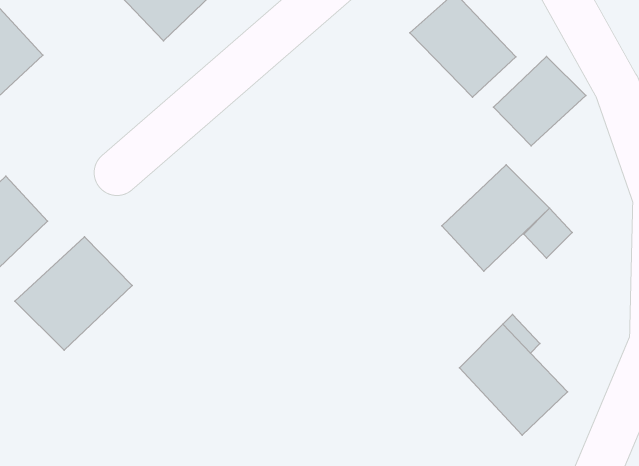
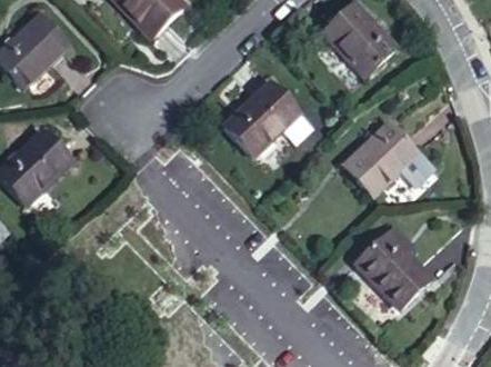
building: [493,57,586,146] -> none
building: none -> [224,80,313,155]
building: [15,237,132,350] -> none

